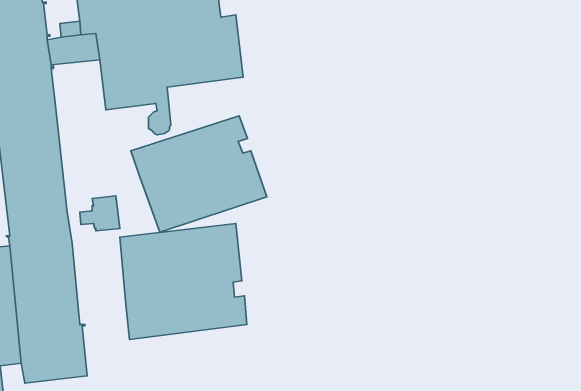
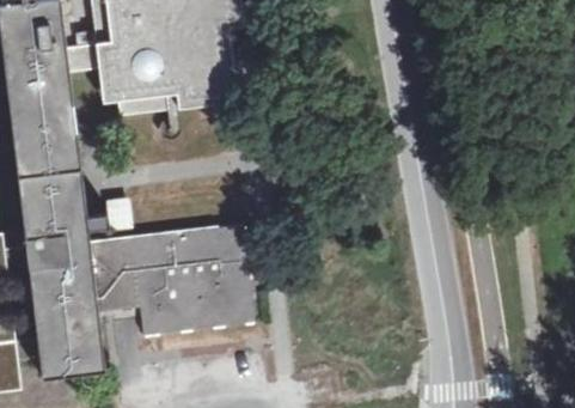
building: [131,116,267,232] -> none
building: none -> [86,237,137,307]

